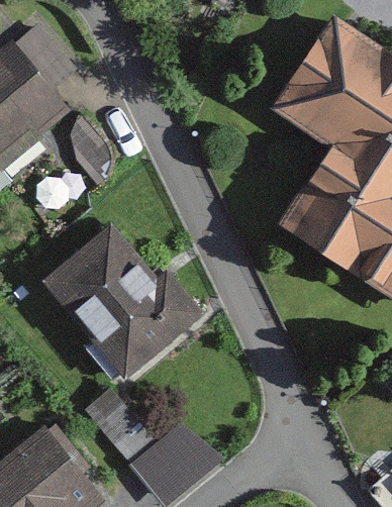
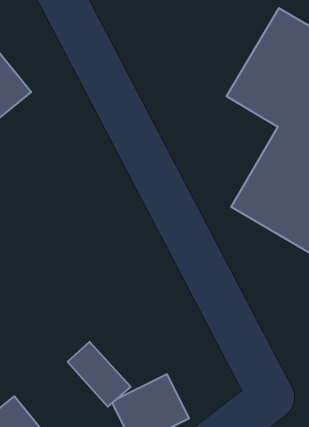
building: [50,231,206,376] -> none

